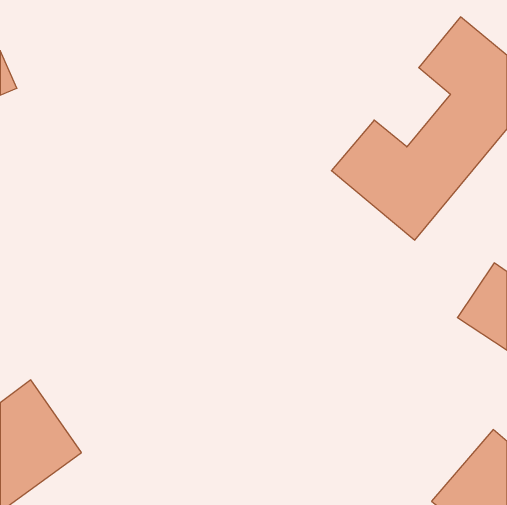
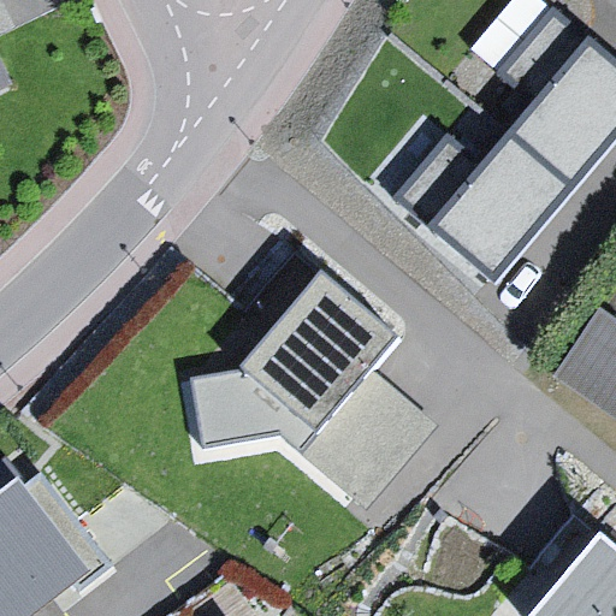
building: none -> [188,268,432,500]

